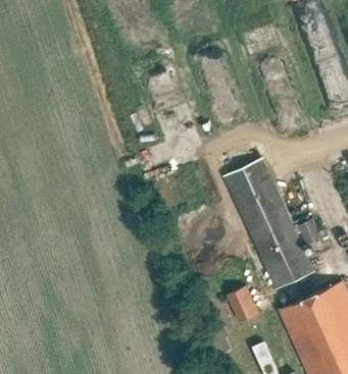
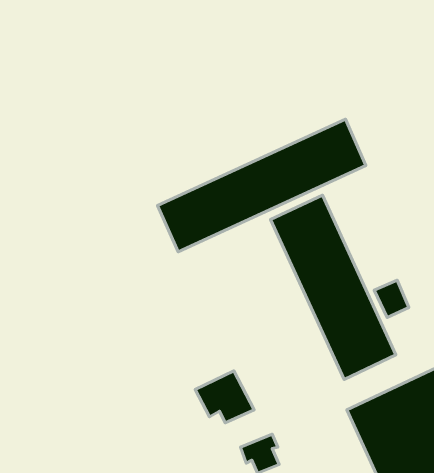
building: none -> [158,119,366,252]
building: [218,286,260,323] -> [195,371,254,423]

